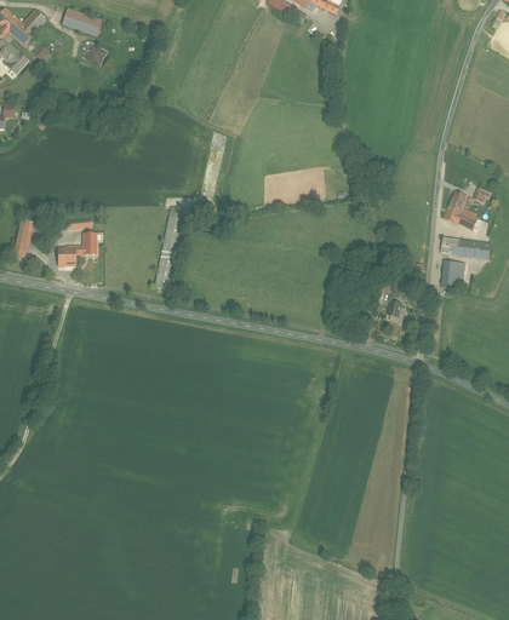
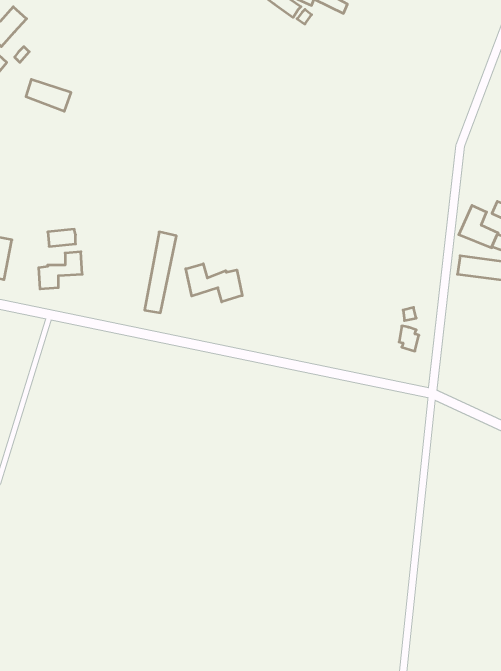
building: [62,6,103,35] -> [26,79,71,111]
building: none -> [186,264,242,302]
building: [441,259,465,287] -> none

